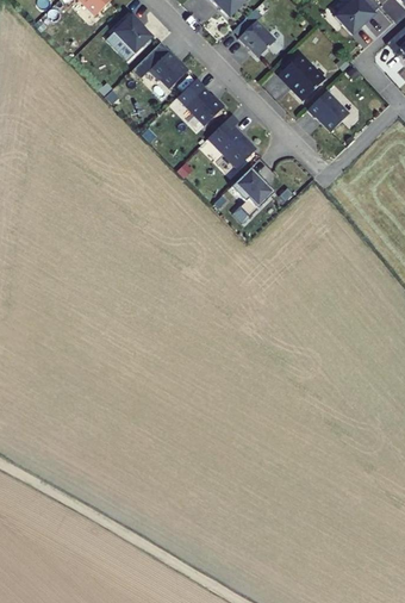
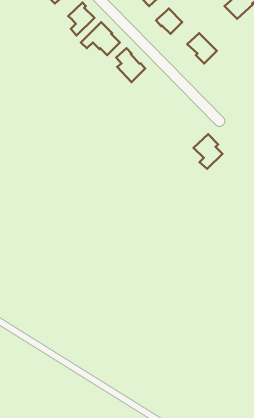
building: [306,91,348,131] -> none
building: [206,113,255,168] -> none
building: [229,167,269,216] -> [194,134,222,169]

